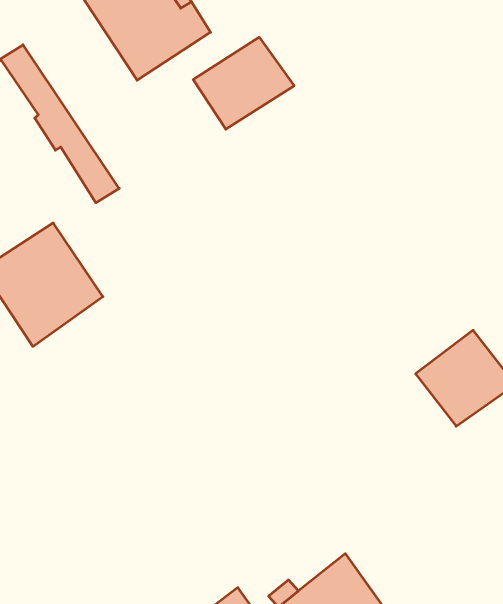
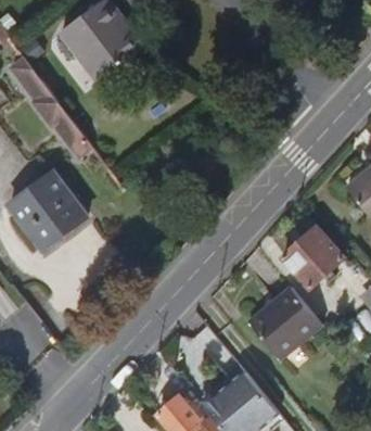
building: [193,37,294,129] -> none
building: none -> [250,283,322,355]

